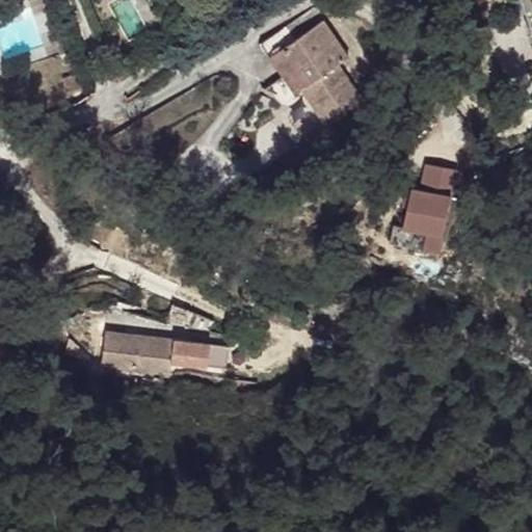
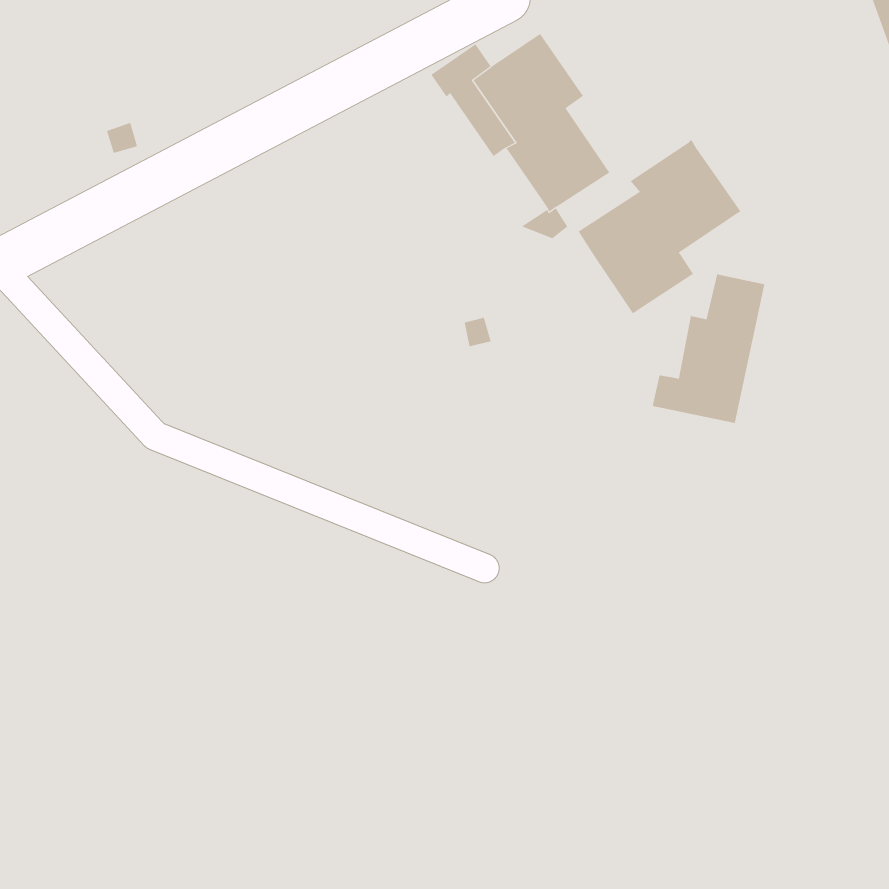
building: none -> [578,139,741,314]
building: [102,330,230,381] -> none

